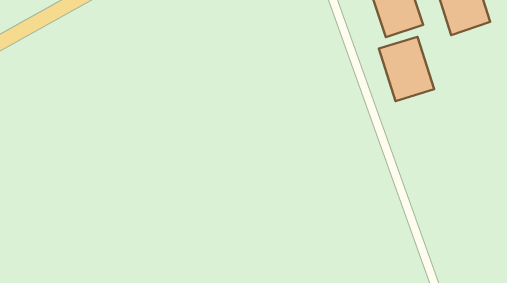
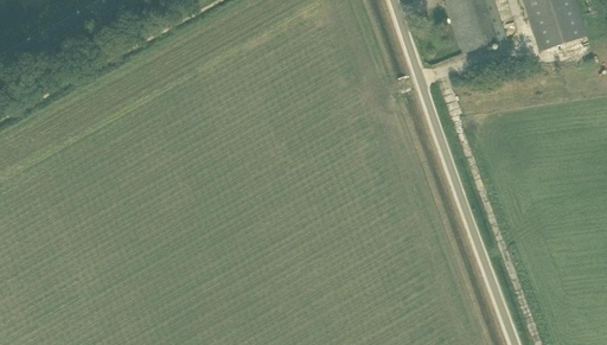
building: [379,37,434,101] -> none

